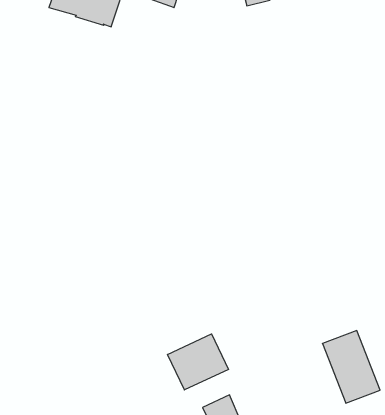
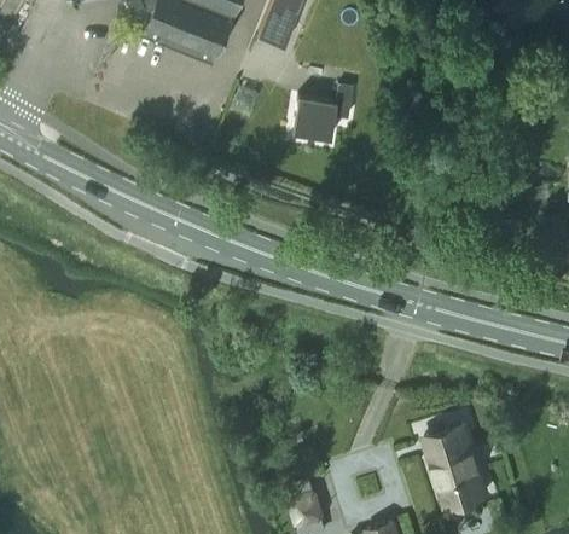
building: none -> [292,83,353,135]
building: [168,334,229,390] -> none

